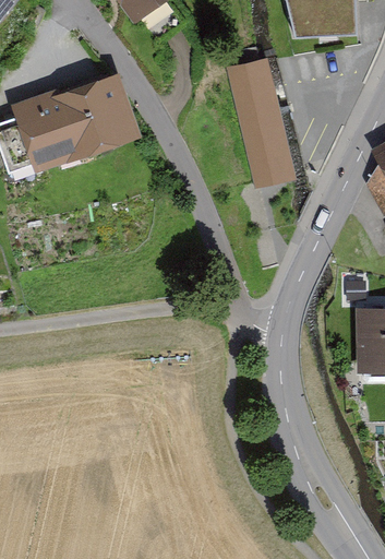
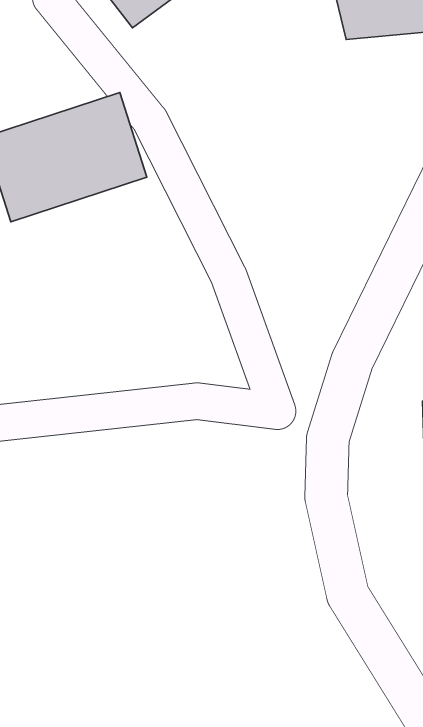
building: [225,56,294,187] -> none

